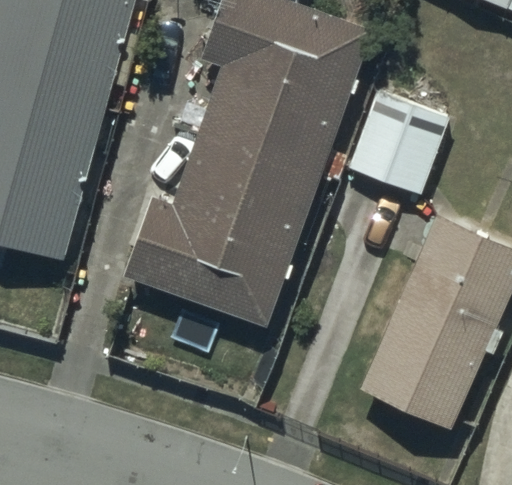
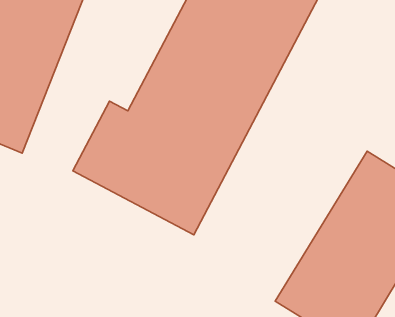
building: [350,88,448,192] -> none

